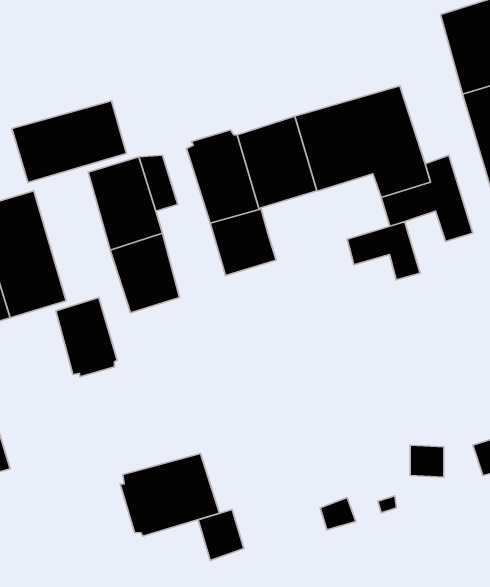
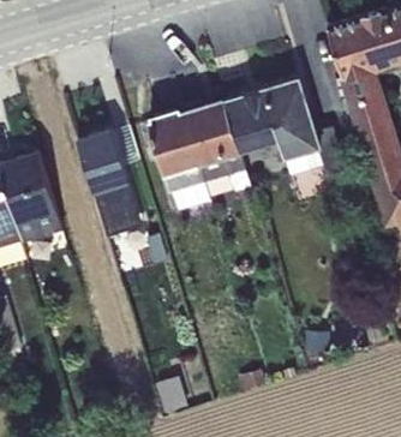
building: [12,101,126,183] -> none
building: [347,222,420,280] -> [199,152,251,193]
building: [56,298,117,377] -> none
building: [120,453,220,536] -> none

